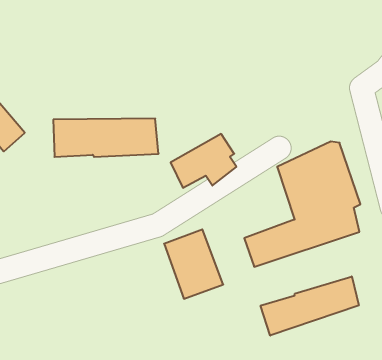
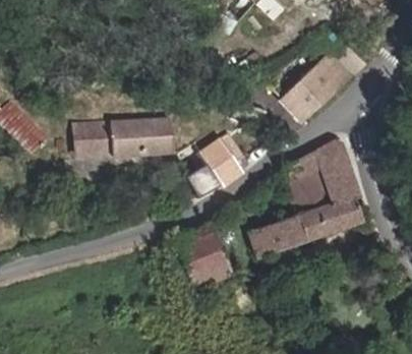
building: none -> [288,59,355,116]
building: [261,276,359,336] -> none

